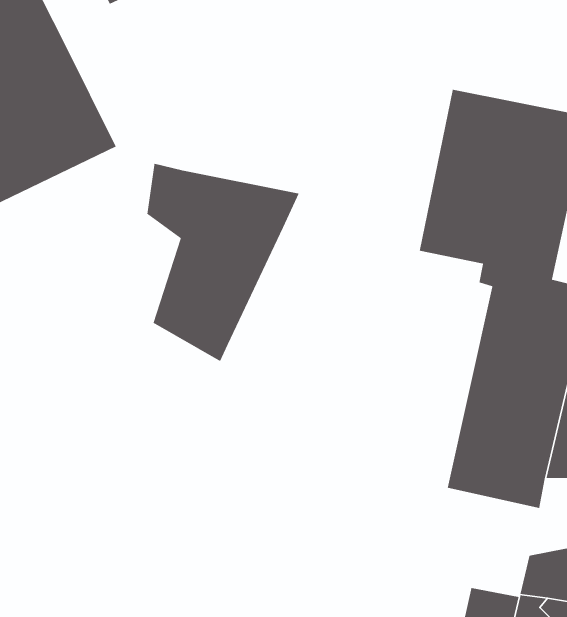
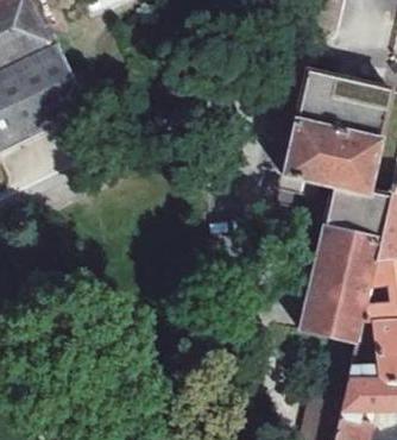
building: [147,163,300,362] -> none

